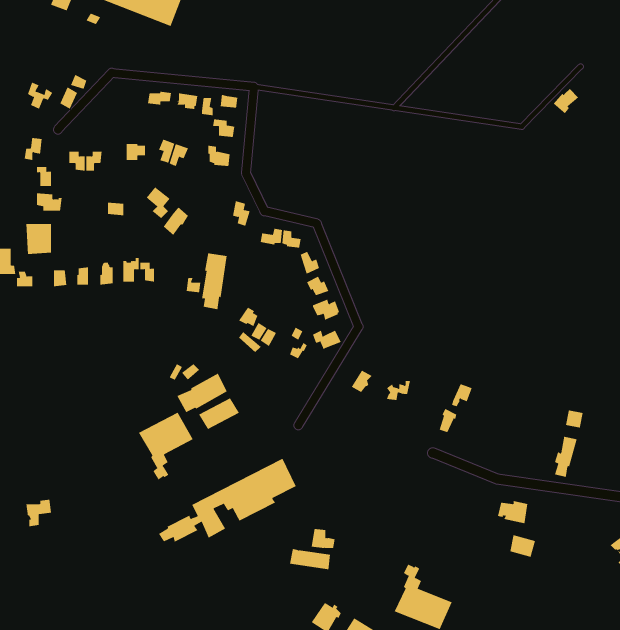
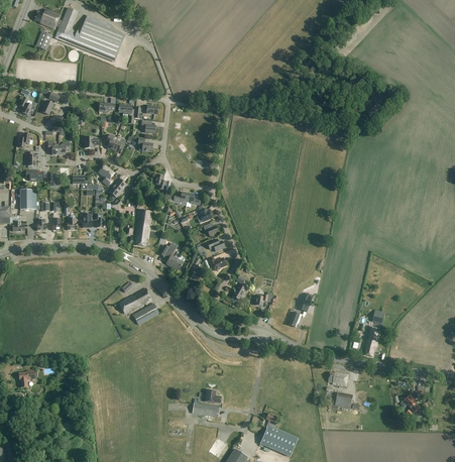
building: [138,412,194,480] -> none
building: [158,457,296,543] -> none

